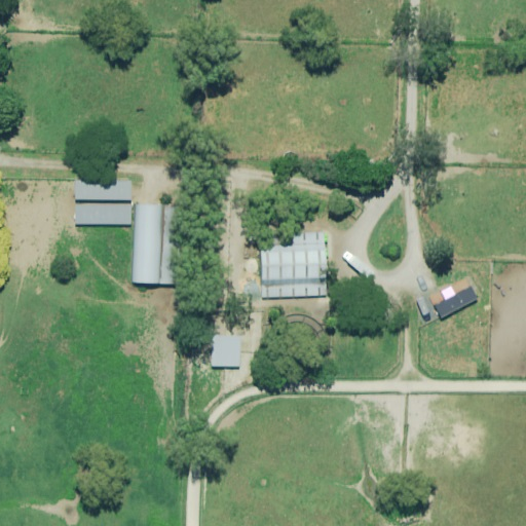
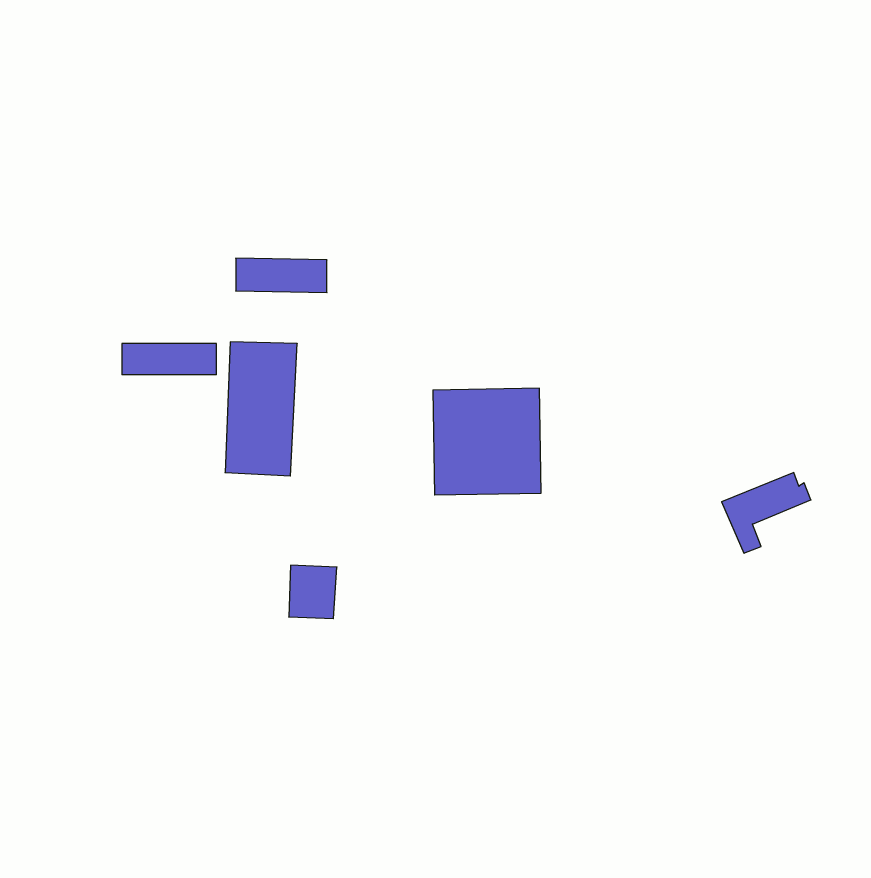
building: [74,180,128,200] -> [236,258,327,293]
building: [210,335,238,367] -> [289,565,337,619]

